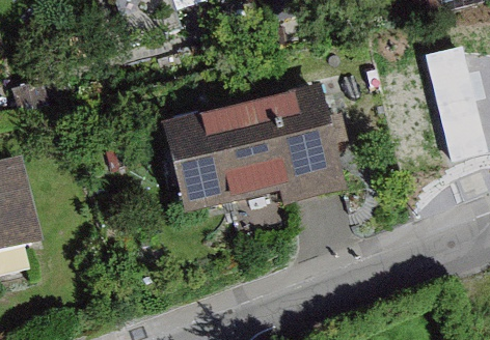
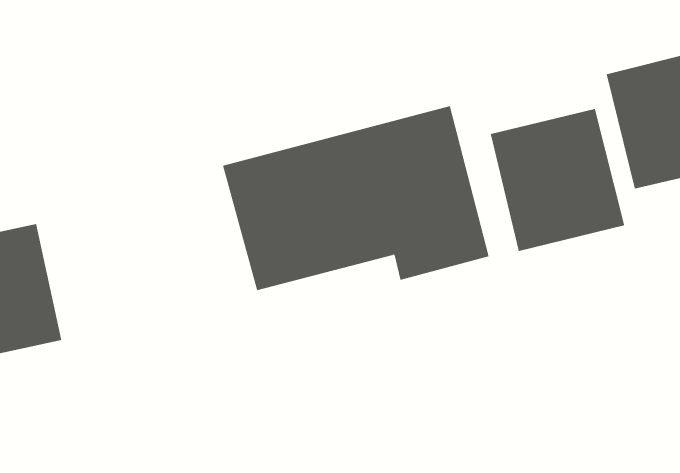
building: none -> [490,108,625,252]

